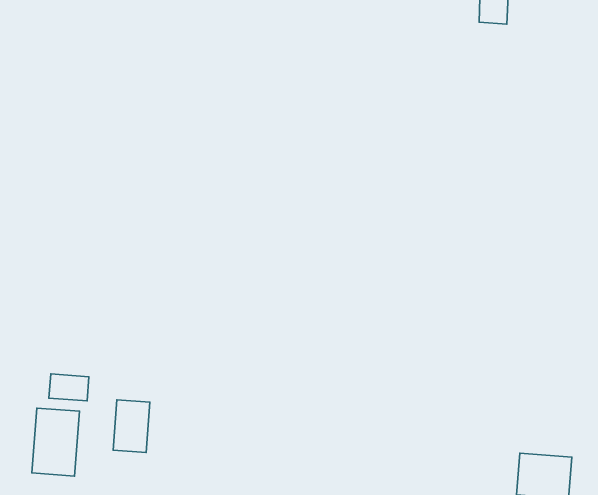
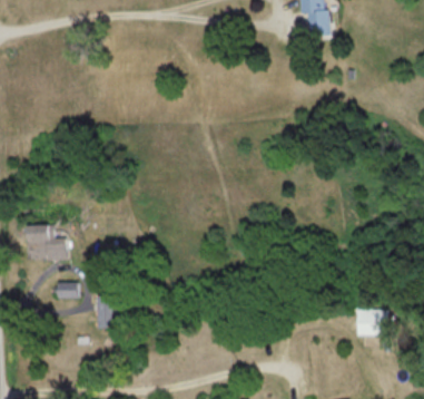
building: none -> [29,225,66,260]
building: [32,408,80,476] -> none

